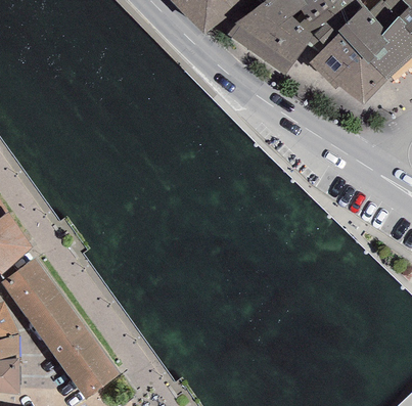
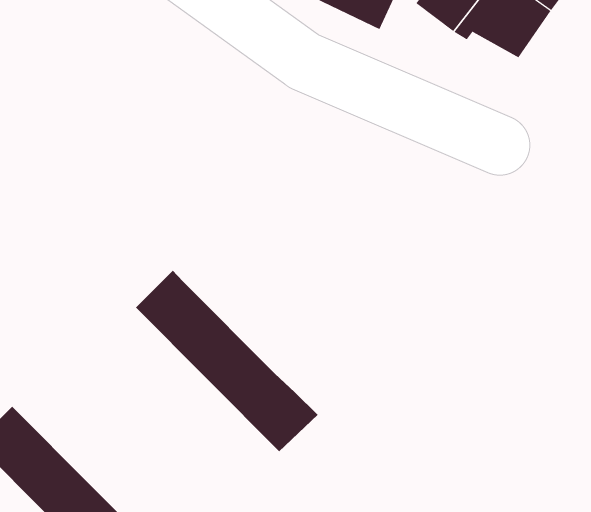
building: none -> [135,270,319,452]

